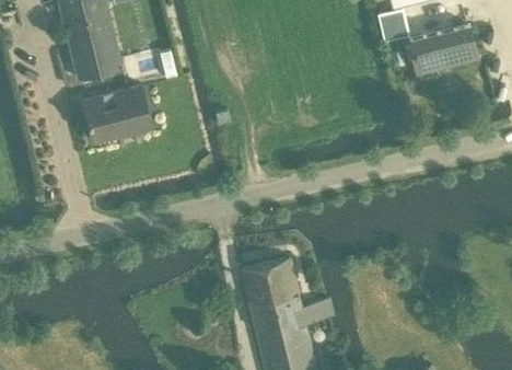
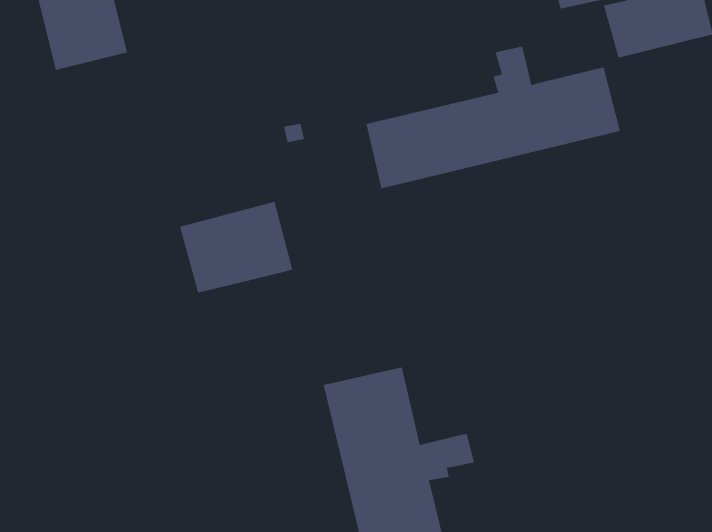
building: none -> [366,46,620,189]
building: [83,86,152,142] -> [179,201,293,293]

